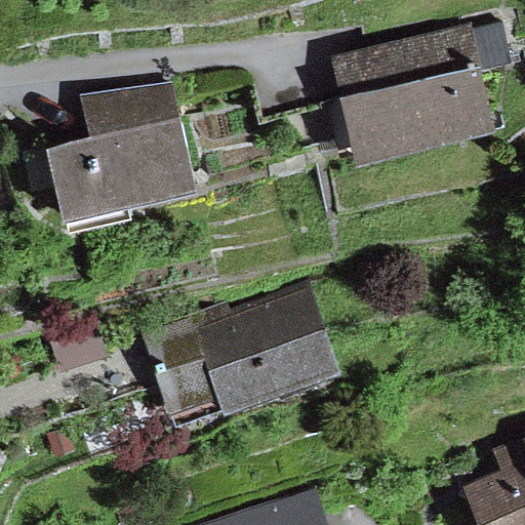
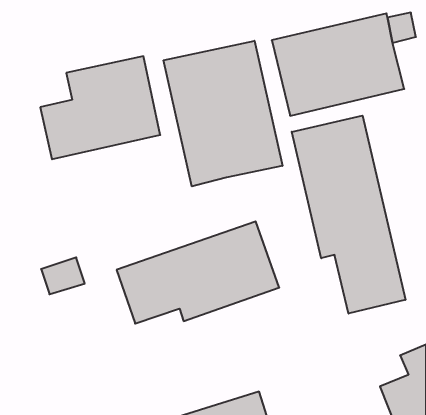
building: none -> [164,41,282,186]
building: none -> [292,116,405,314]

